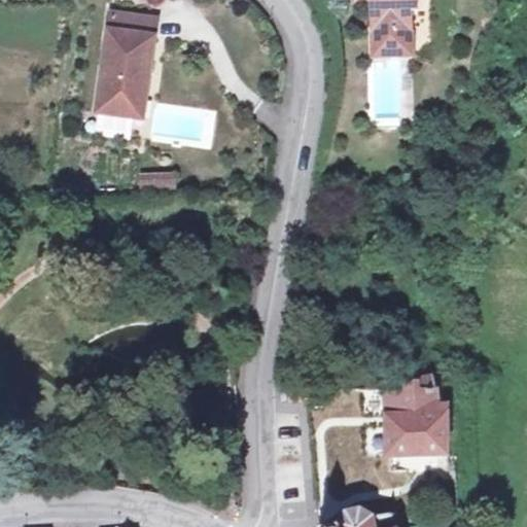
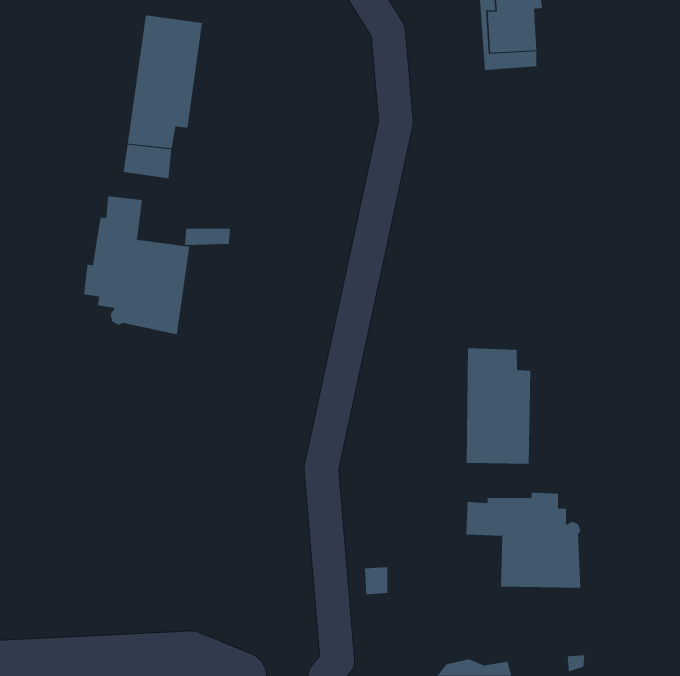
building: none -> [84,196,190,335]
building: none -> [466,348,531,464]

